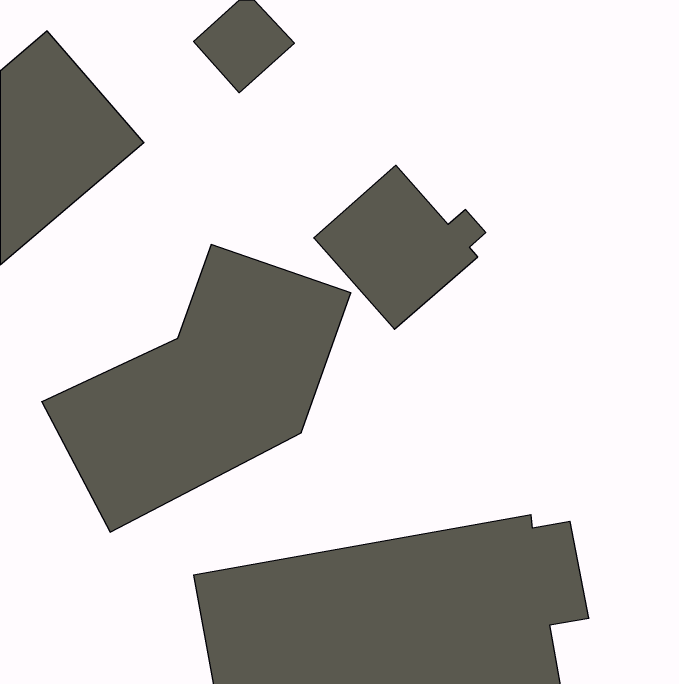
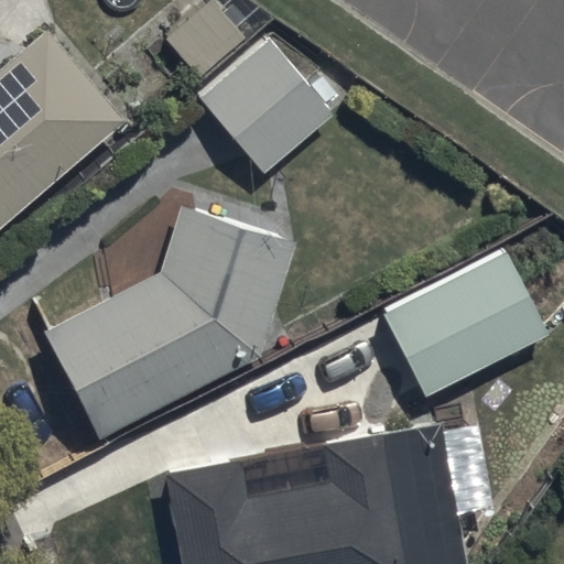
building: [314,165,486,329] -> [199,40,340,174]
building: none -> [380,250,549,398]

